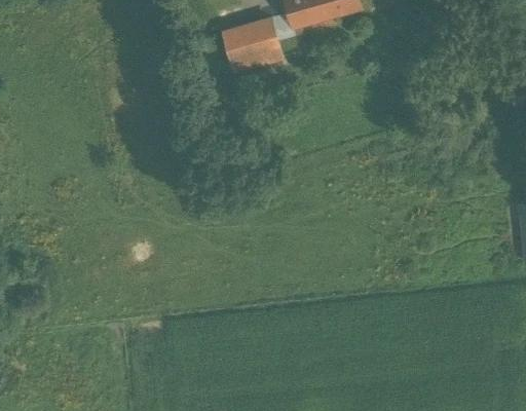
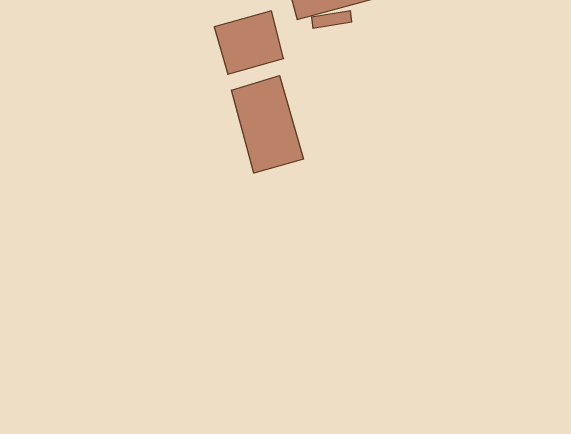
building: none -> [231,76,303,173]

